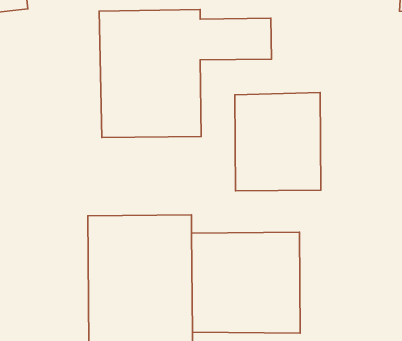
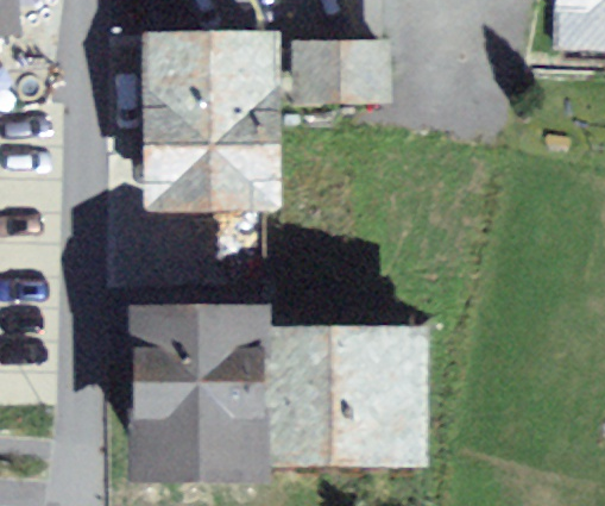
building: [235,92,321,191] -> none

